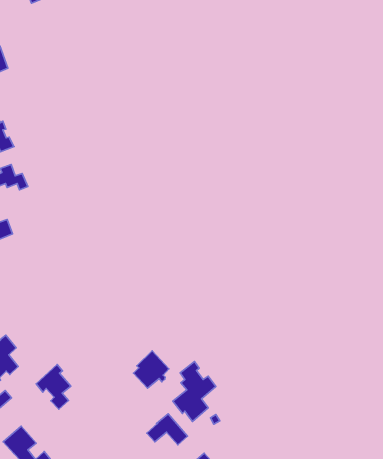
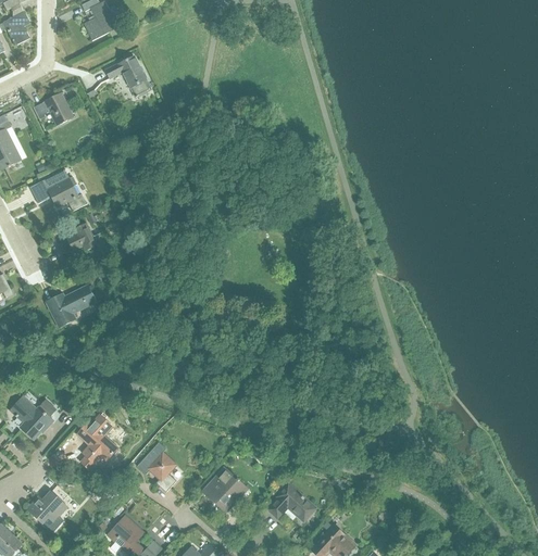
building: none -> [105,56,151,98]
building: [133,351,169,388] -> [205,467,245,509]
building: [173,361,216,421] -> none

